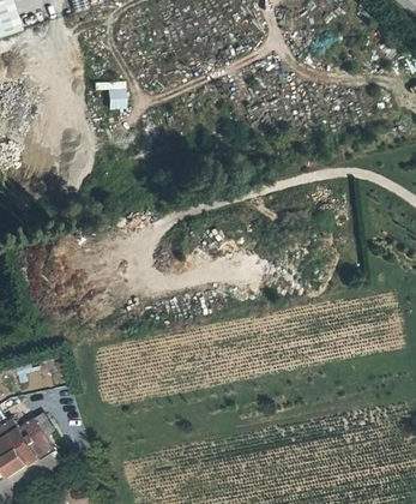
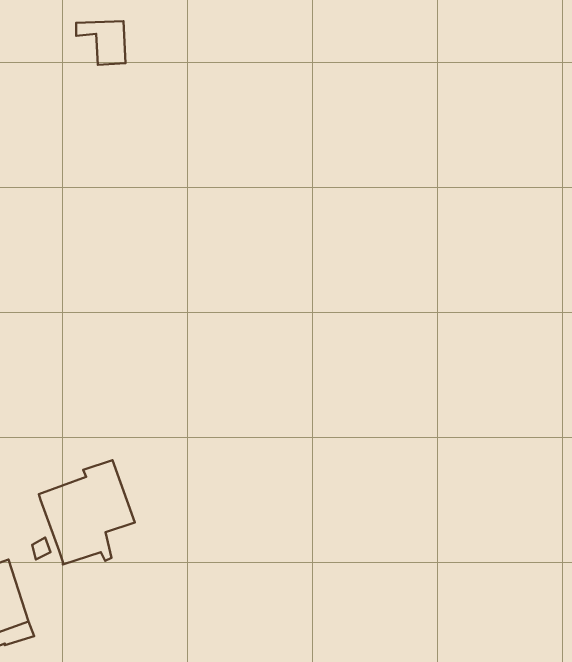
building: none -> [39,460,135,564]

